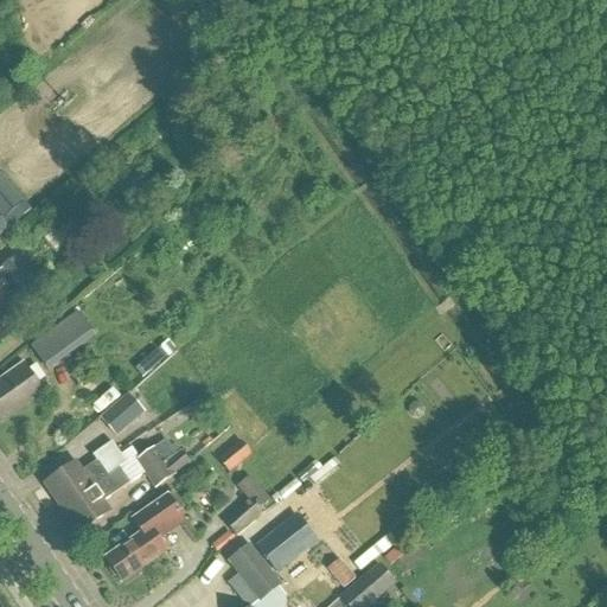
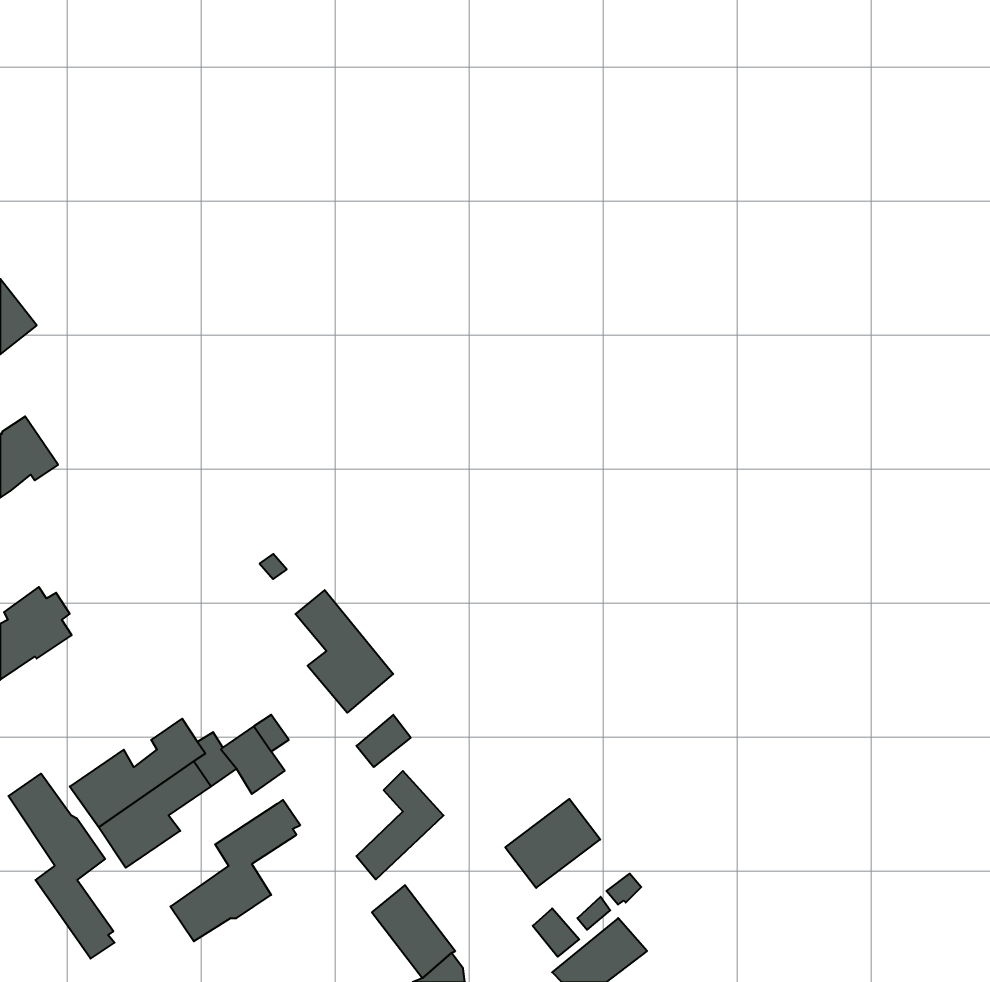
building: [31,309,91,363] -> none
building: none -> [295,590,393,713]
building: [98,391,145,435] -> none
building: none -> [8,774,115,959]
building: [255,513,313,568] -> [505,799,600,888]

